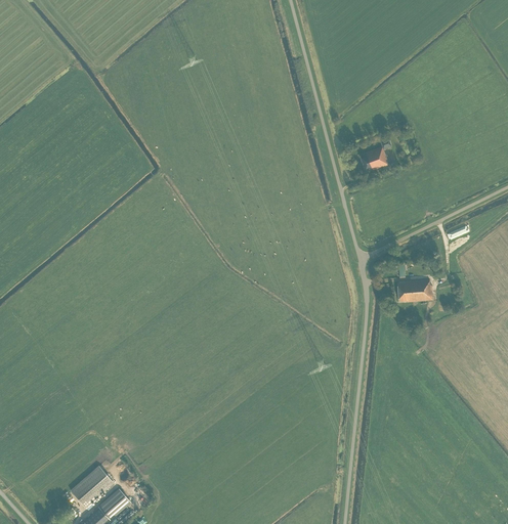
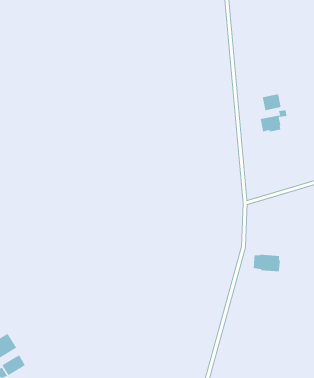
building: none -> [262,93,281,111]
building: [397,279,432,302] -> [253,254,281,272]

